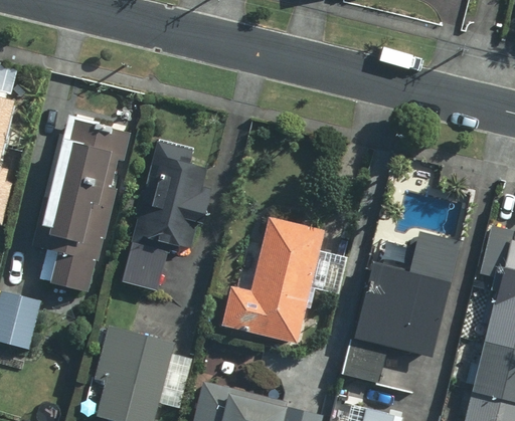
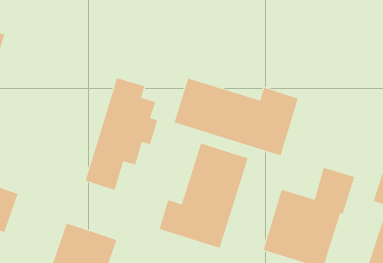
building: [32,115,130,292] -> none
building: none -> [174,78,299,156]

